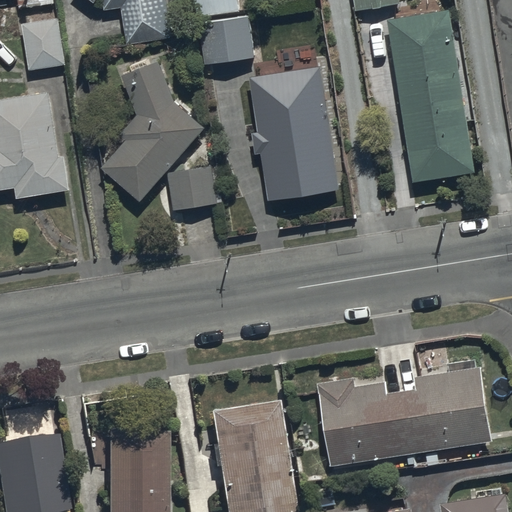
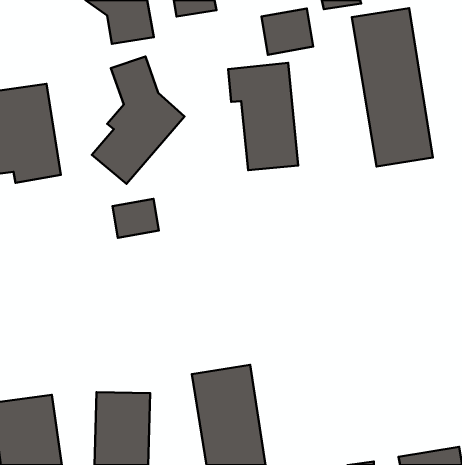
building: [199,16,256,67] -> [261,8,313,55]
building: [23,18,62,71] -> none
building: [166,169,217,212] -> [112,199,159,238]
building: [316,367,494,468] -> none

